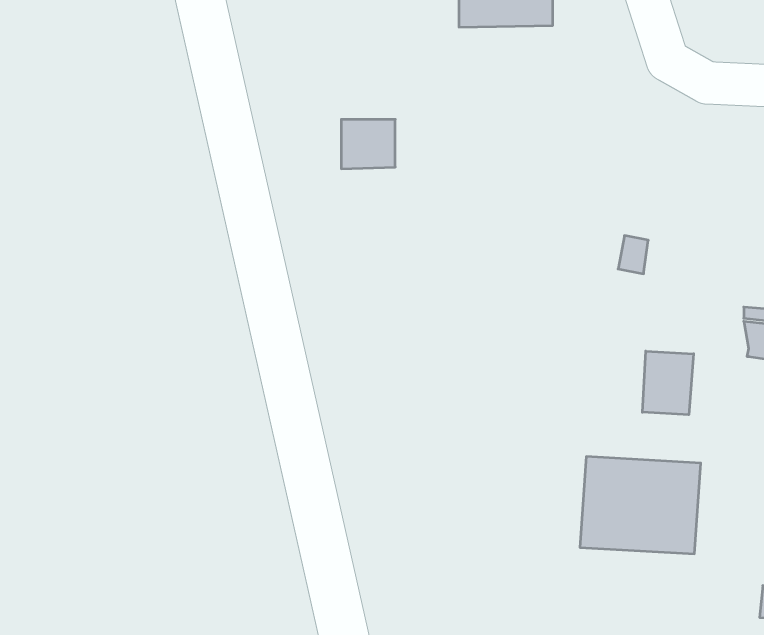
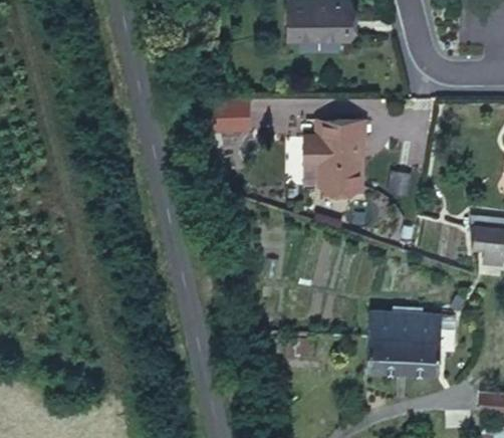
building: none -> [305,122,366,189]
building: [642,351,694,415] -> none

